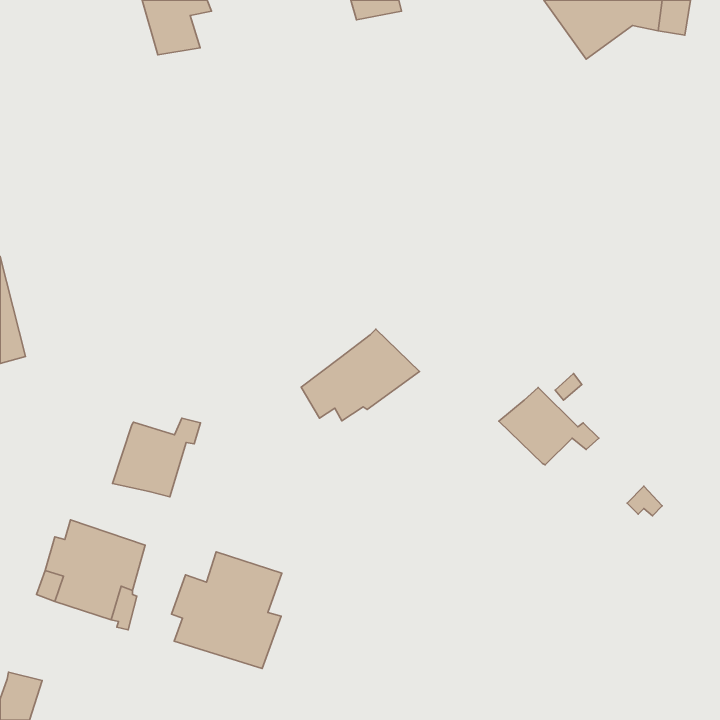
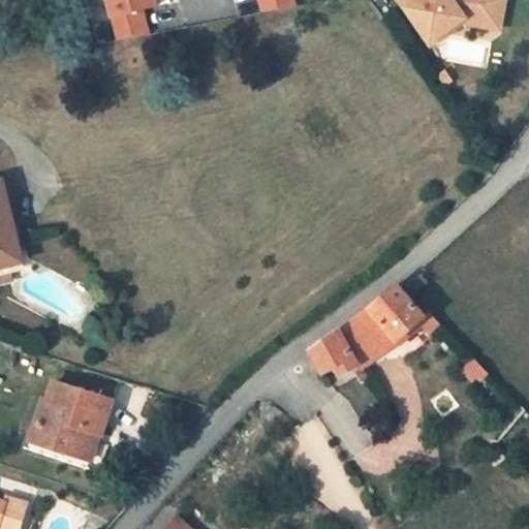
building: [301,329,419,421] -> [311,309,398,376]
building: [113,418,201,497] -> none
building: [171,552,282,668] -> none

